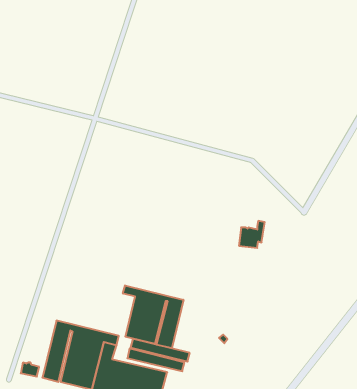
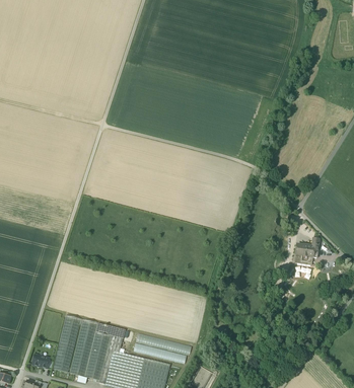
building: [239,221,265,248] -> [295,238,320,263]
building: [123,285,183,348] -> none

